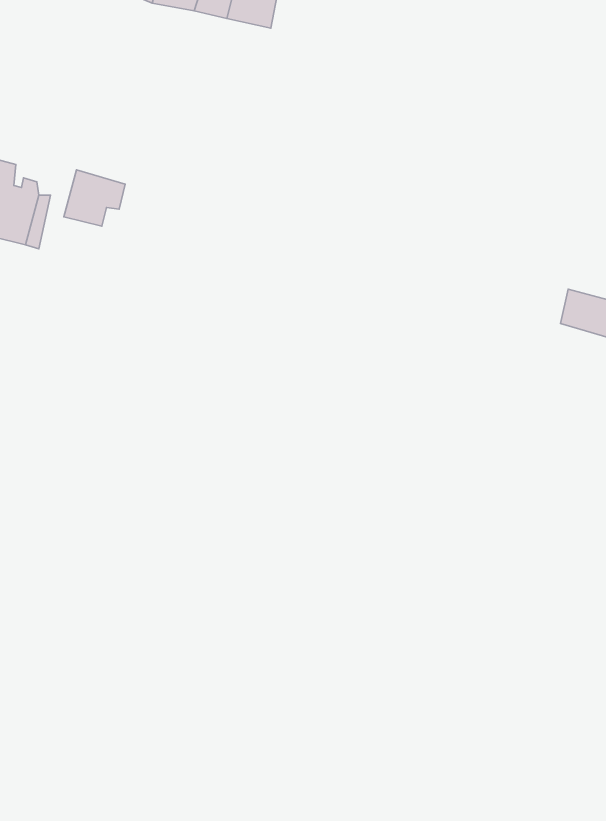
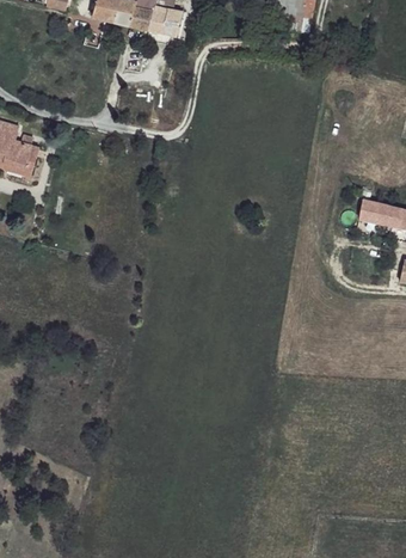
building: [64,170,125,226] -> none

